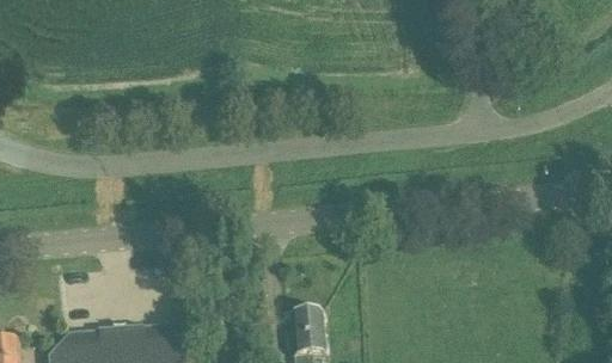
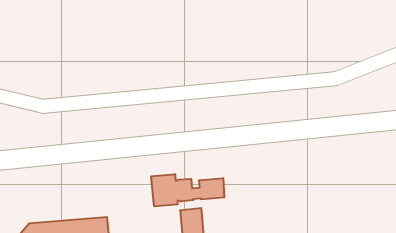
building: none -> [151,174,224,206]

